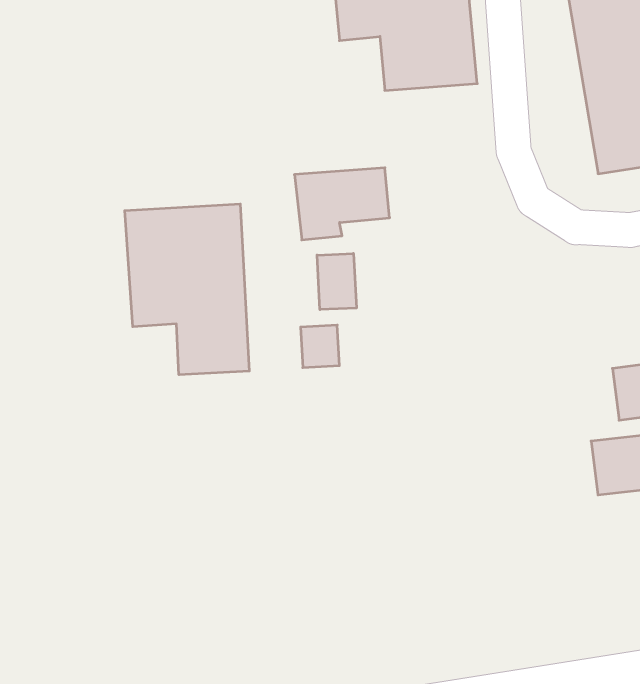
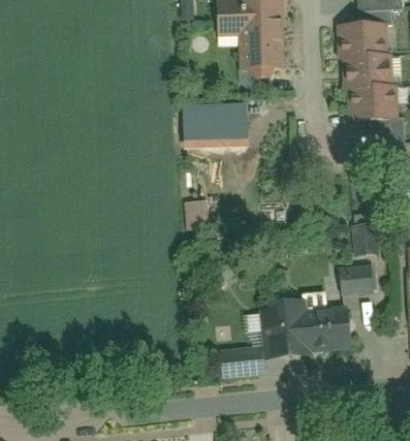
building: [125,204,249,375] -> none
building: [317,253,356,310] -> none
building: none -> [218,298,350,379]

